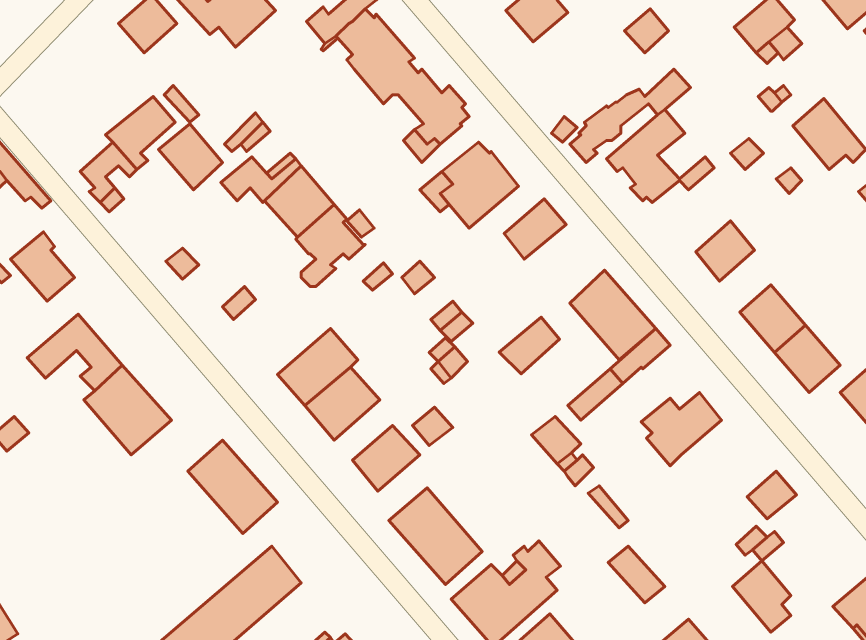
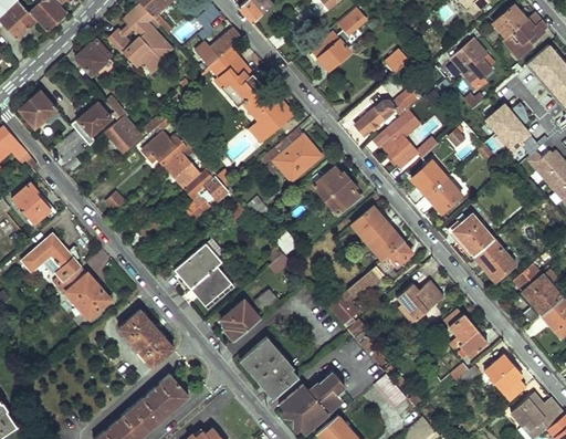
building: none -> [19,91,56,133]
building: none -> [412,160,448,196]
building: [499,317,559,374] -> [323,179,359,213]
building: none -> [447,310,475,348]
building: [732,561,791,632] -> [485,354,521,397]

